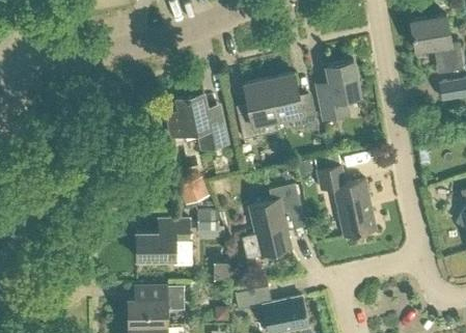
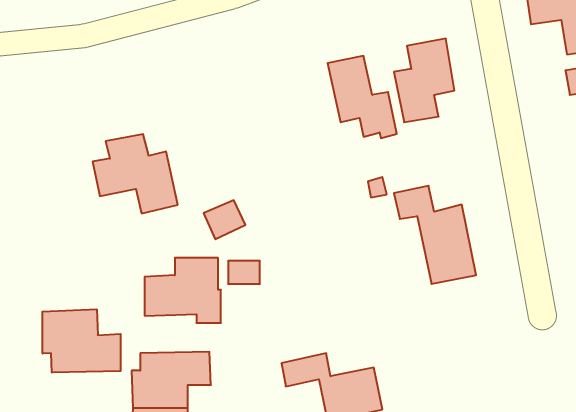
building: [238,78,277,145] -> none
building: [166,92,227,149] -> [93,134,178,213]
building: [242,184,302,258] -> none
building: none -> [42,309,121,373]

